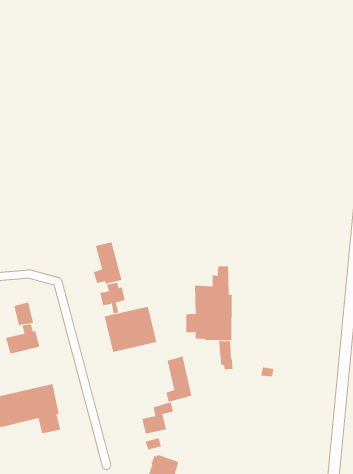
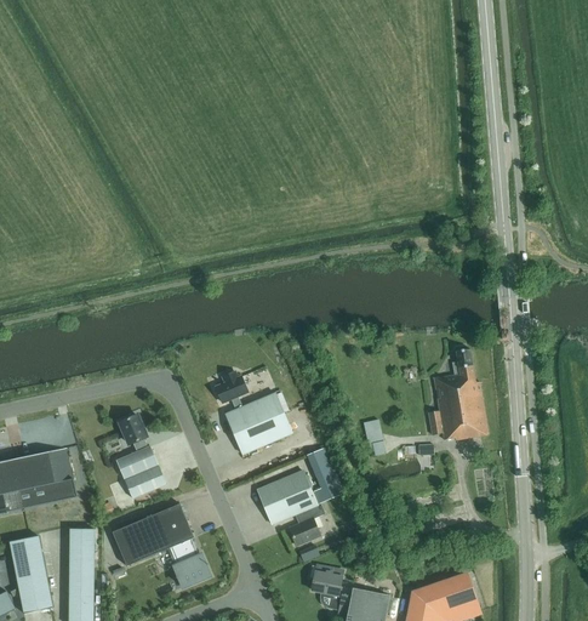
building: [93,241,122,285] -> none
building: [185,266,233,341] -> [429,347,489,438]
building: none -> [125,462,167,496]
building: none -> [258,468,318,523]
building: none -> [175,553,211,585]

